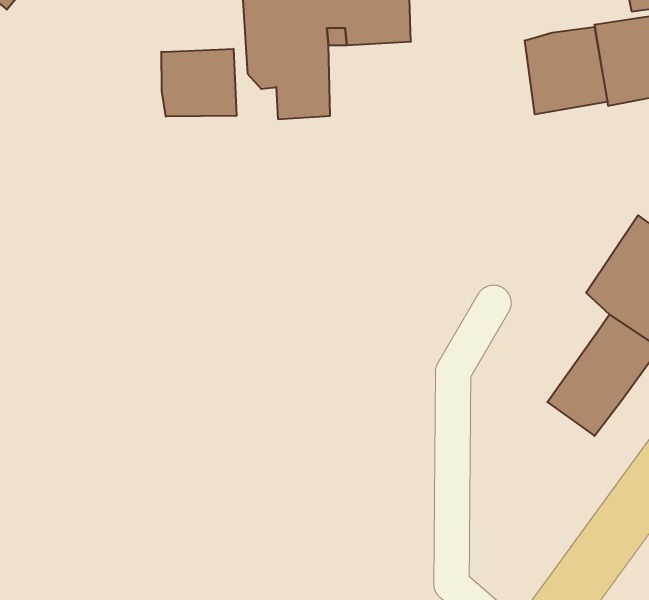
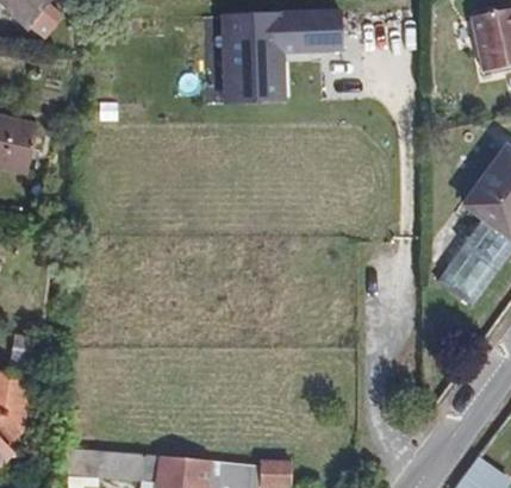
building: [525,27,607,114] -> none
building: [161,49,236,117] -> none

